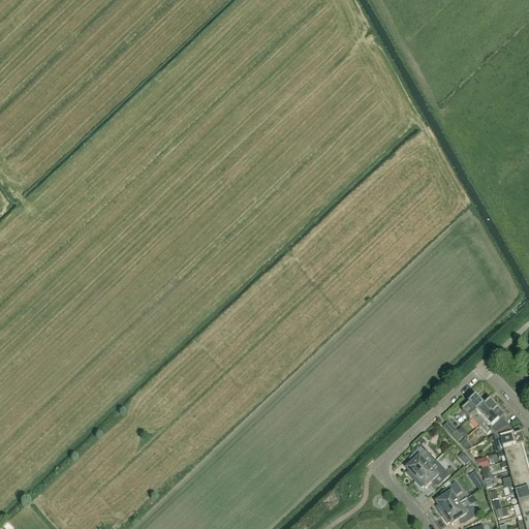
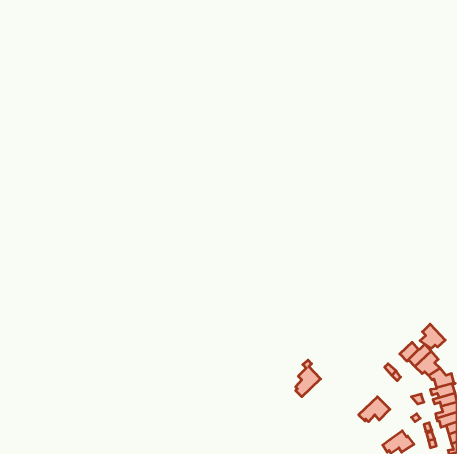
building: none -> [420,324,445,348]
building: [407,437,436,479] -> [296,360,321,397]
building: [436,480,465,515] -> none

